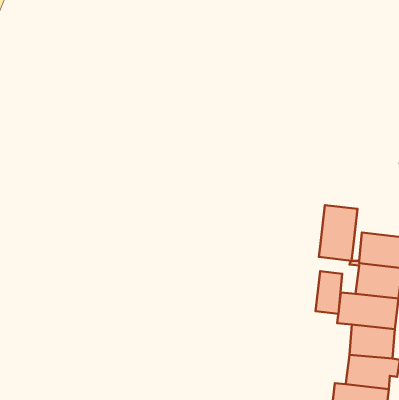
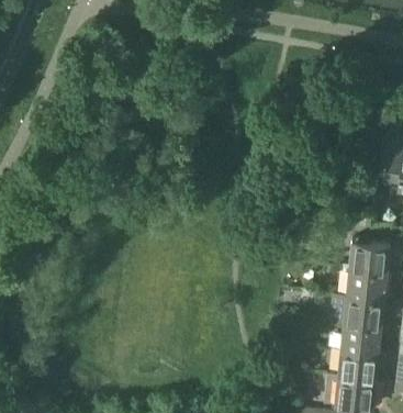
building: [319,205,357,261] -> none
building: [315,271,342,314] -> none

